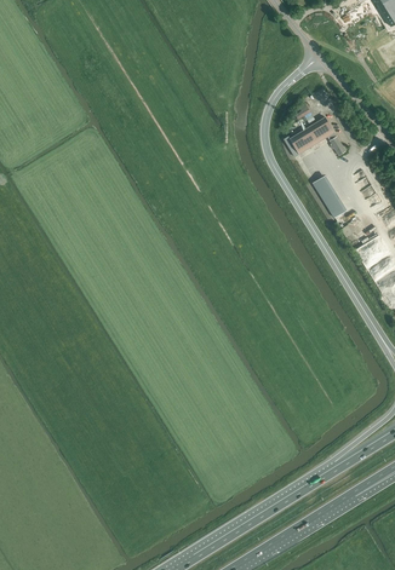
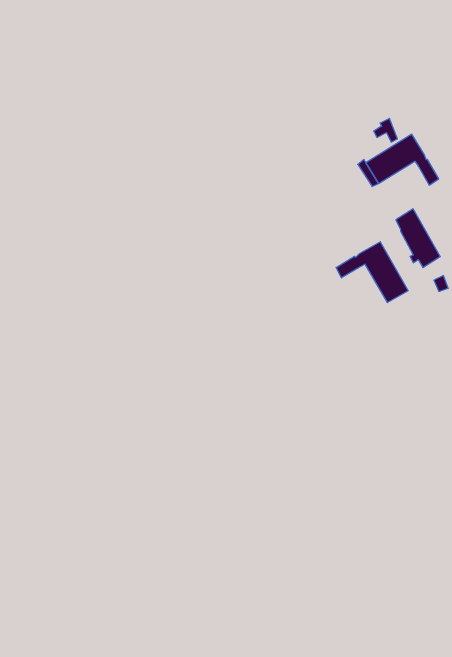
building: none -> [336,242,408,303]

